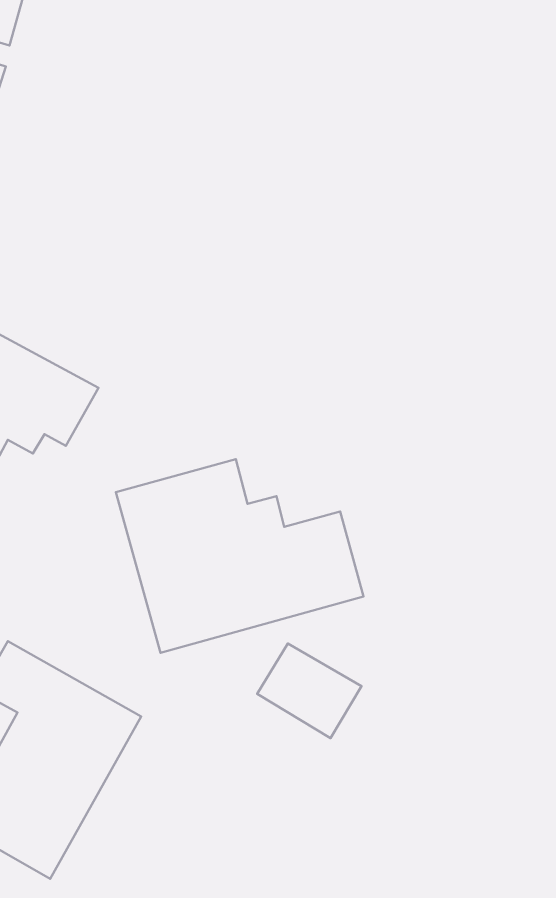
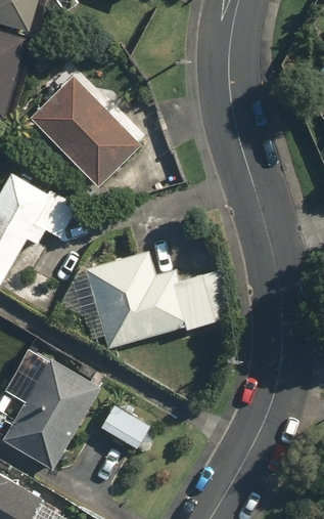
building: none -> [31,77,140,188]
building: [257,644,361,738] -> [95,402,150,452]

